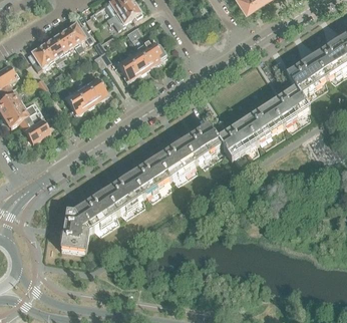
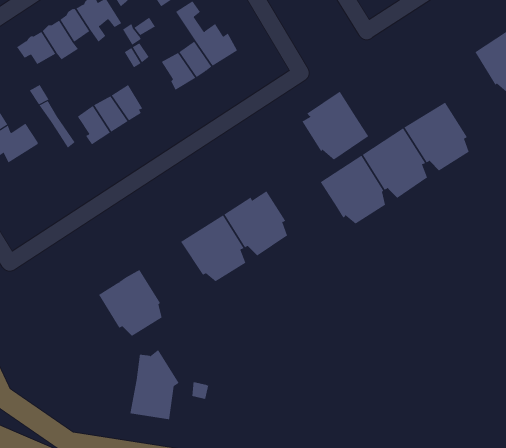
building: [285,55,326,100] -> none
building: [21,113,49,140] -> none
building: [183,122,225,166] -> [302,91,369,160]
building: [103,174,143,216] -> none
building: [59,207,90,251] -> [130,349,179,420]

